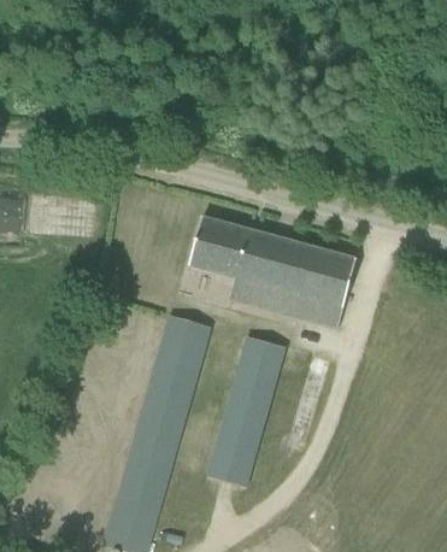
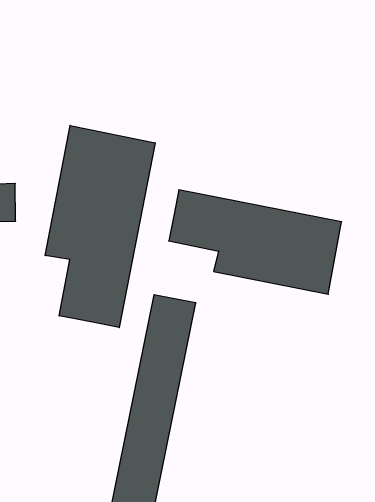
building: none -> [45,125,155,328]
building: [207,336,284,486] -> none

